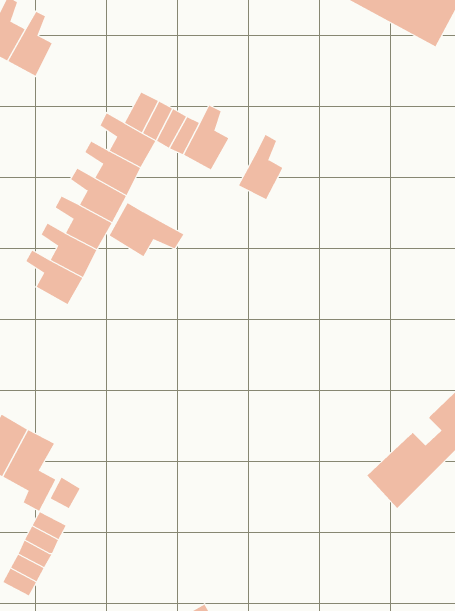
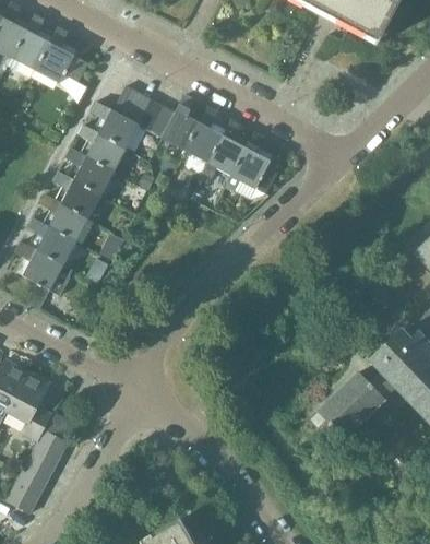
building: none -> [36,27,74,83]
building: none -> [186,108,224,164]
building: none -> [232,133,271,189]
building: [109,202,184,257] -> none
building: none -> [15,243,63,291]

